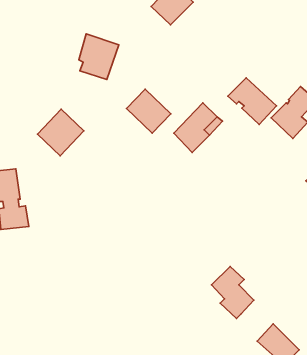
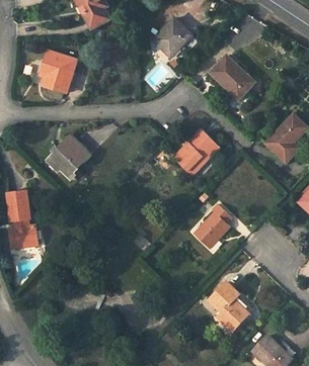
building: [79,34,119,79] -> [41,51,78,93]
building: [228,78,277,124] -> [210,56,255,99]
building: [127,89,171,133] -> none
building: none -> [194,204,231,248]

